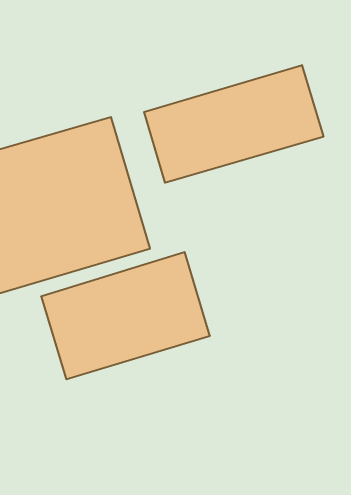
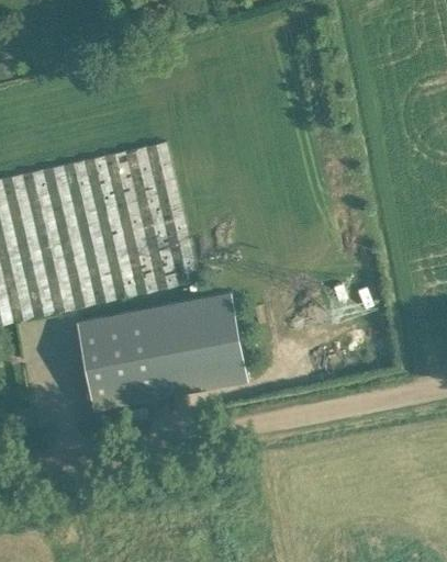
building: [144,65,323,183] -> none

